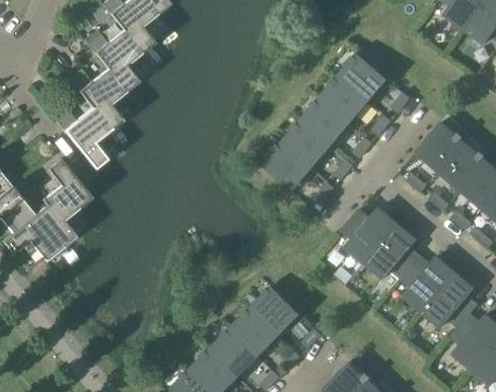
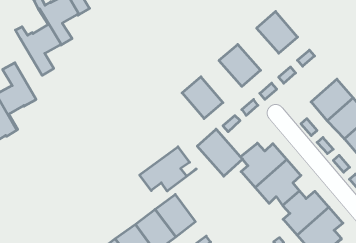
building: [318,75,368,124] -> none
building: [281,120,331,168] -> none
building: none -> [197,129,243,176]
building: none -> [140,147,196,191]

